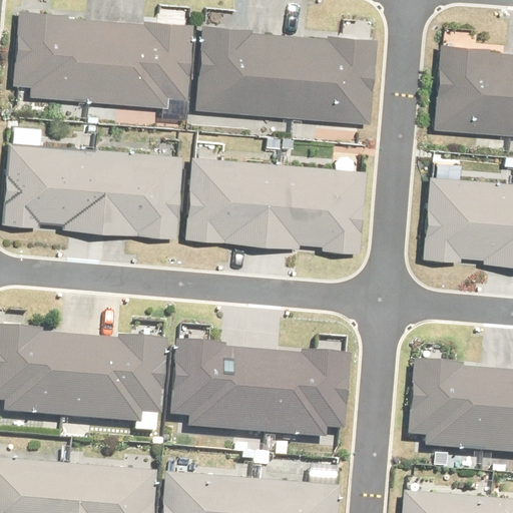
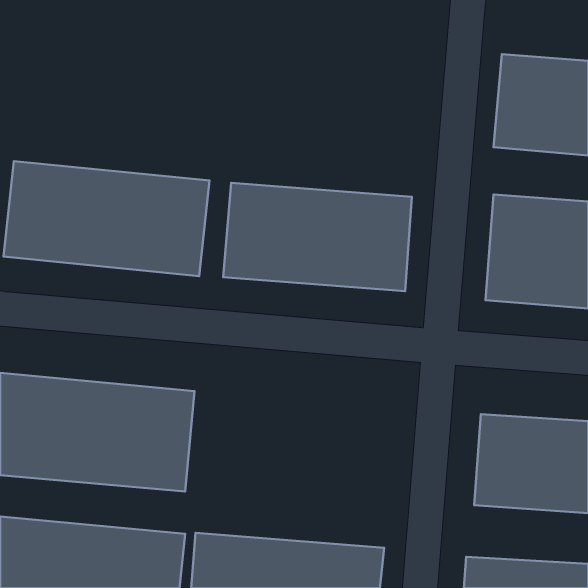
building: [12,9,185,106] -> none
building: [193,25,373,130] -> none
building: [172,344,350,443] -> none

